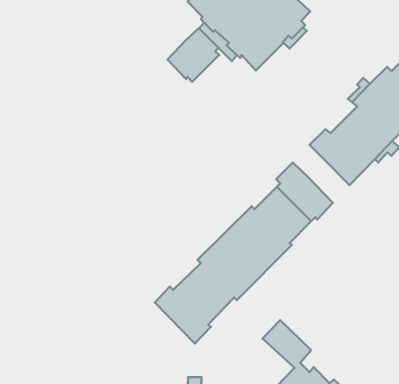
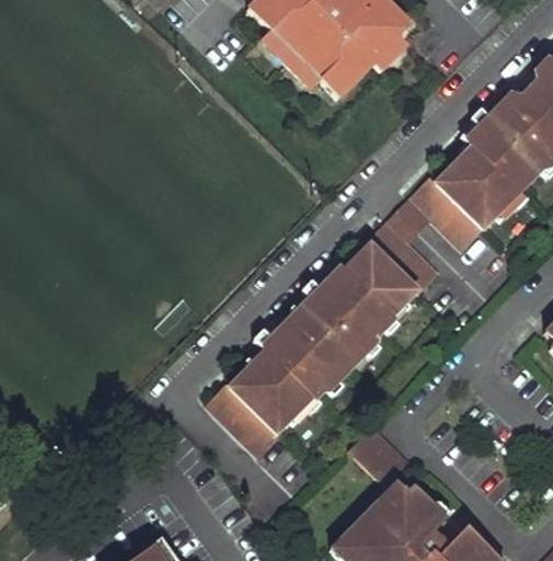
building: [167,28,219,82] -> none
building: none -> [388,197,430,240]

